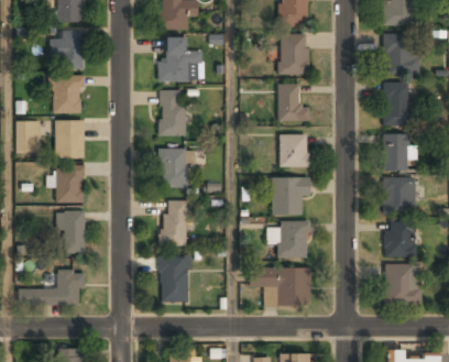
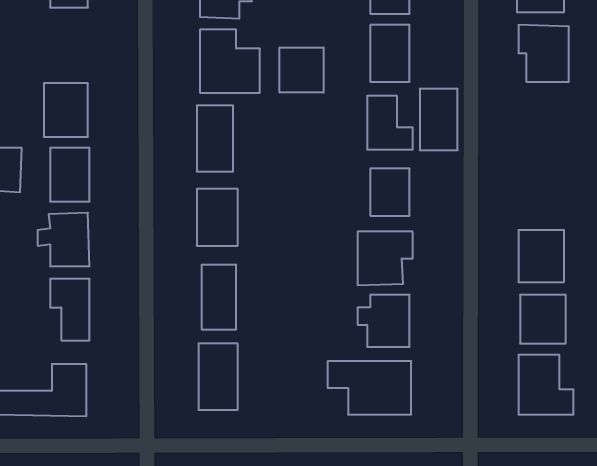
building: [52,31,84,68] -> none
building: none -> [280,47,324,93]
building: [384,83,410,125] -> [420,89,458,150]
building: [384,134,409,172] -> none

